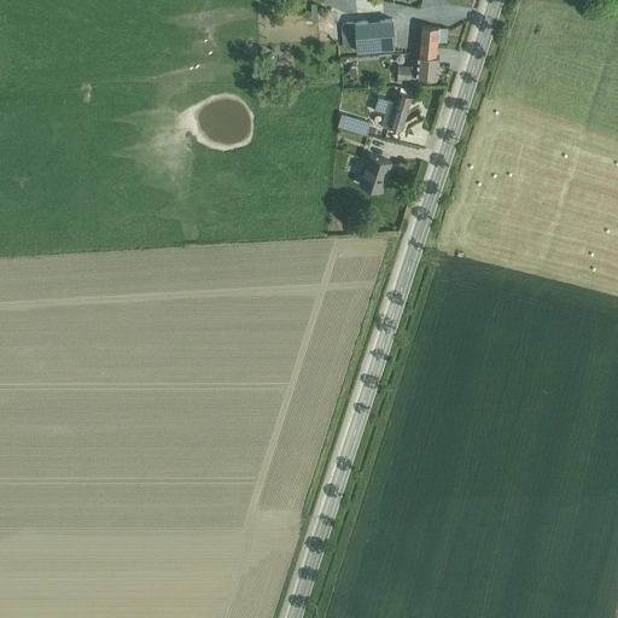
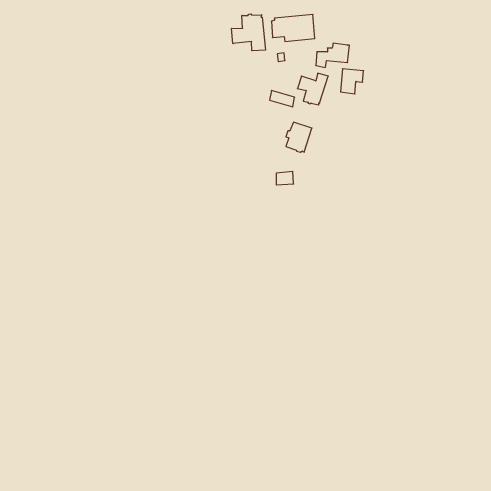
building: none -> [232,14,265,51]
building: [418,27,447,58] -> [341,69,364,94]

